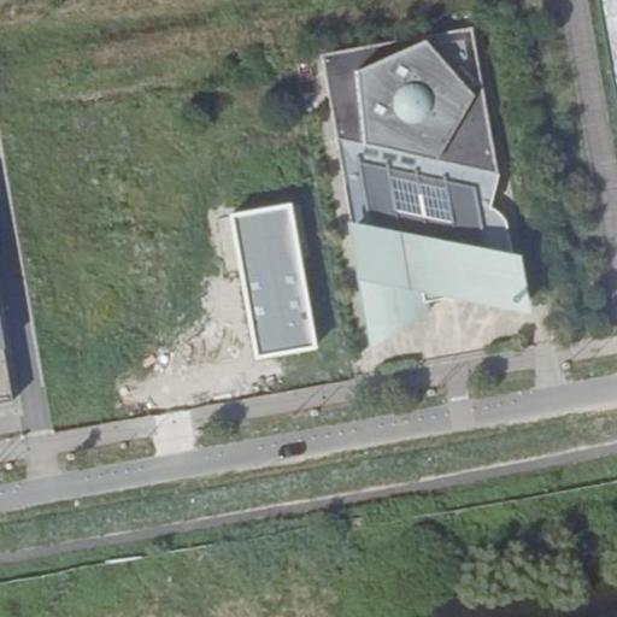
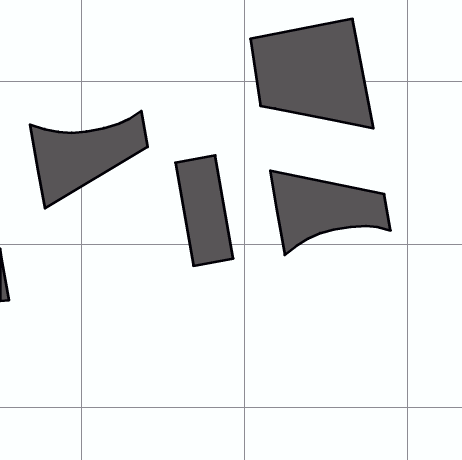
building: [347,141,512,259] -> none
building: none -> [30,111,148,208]

